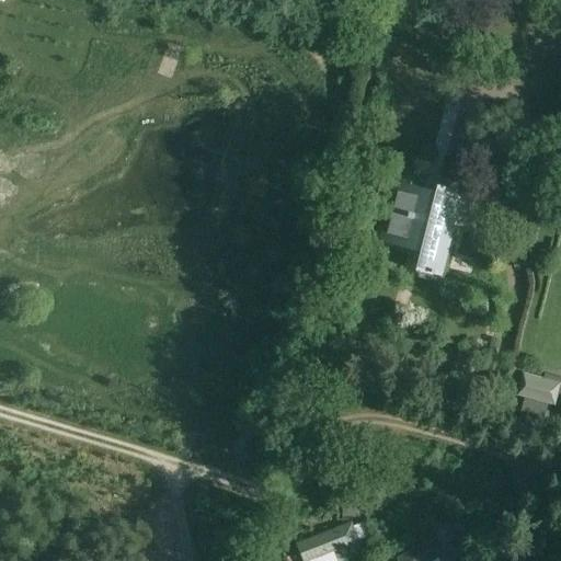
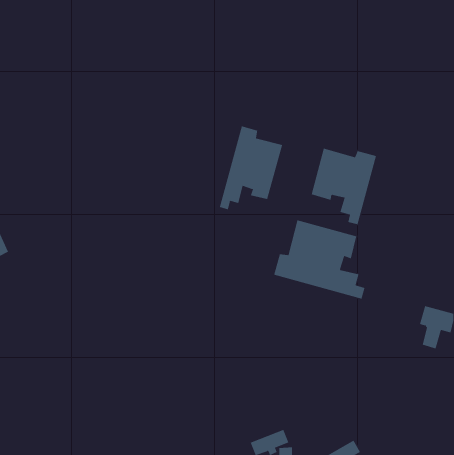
building: none -> [219,126,283,210]
building: none -> [273,219,365,299]

